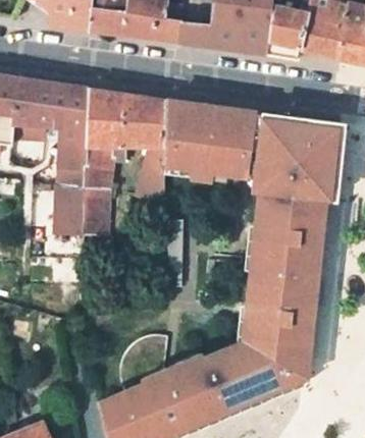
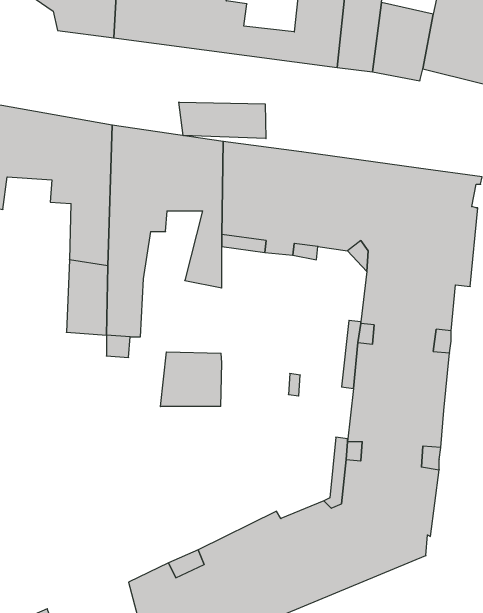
building: none -> [179,102,266,139]
building: none -> [160,352,222,407]

